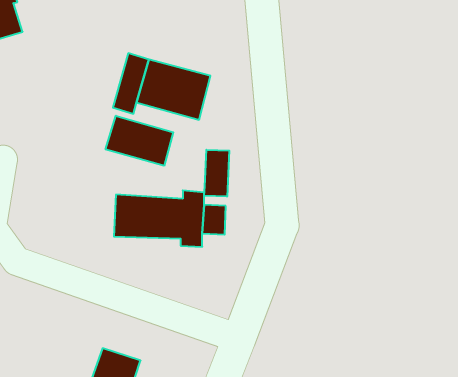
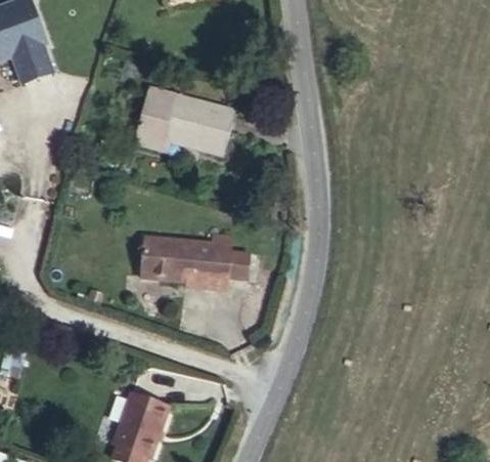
building: [106,116,173,166] -> none
building: [204,150,229,197] -> none

